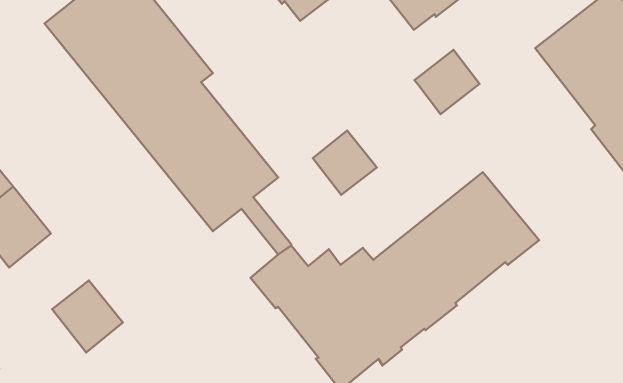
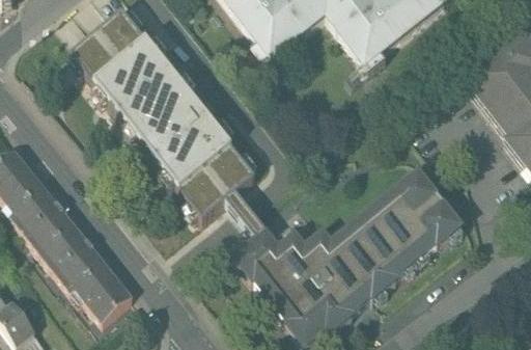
building: [414,50,480,114] -> none
building: [313,130,377,195] -> none
building: none -> [40,221,104,285]

